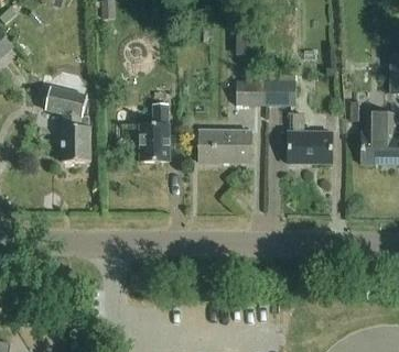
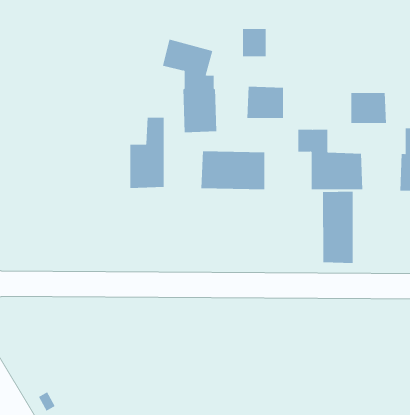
building: [266,78,295,103] -> [350,93,387,124]
building: [44,85,89,162] -> [162,39,217,133]
building: none -> [323,191,353,264]

